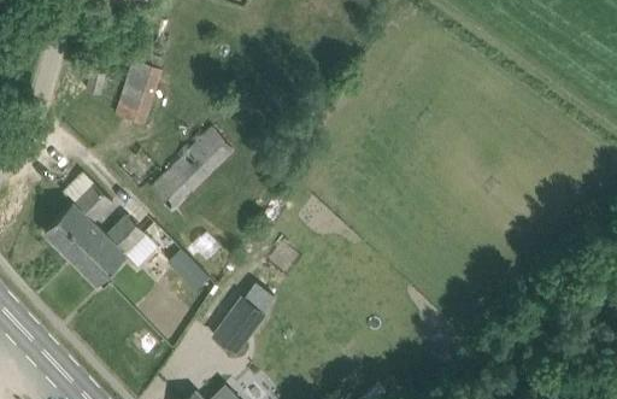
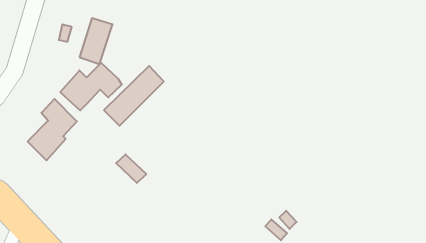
building: [70,218,155,284] -> [60,63,122,110]
building: [211,297,265,356] -> none

